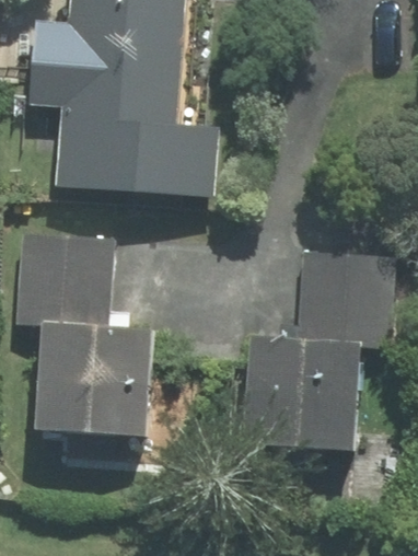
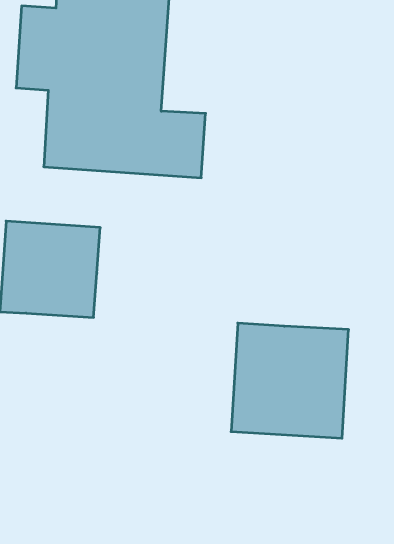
building: [295,252,394,345] -> none
building: [34,326,151,437] -> none

